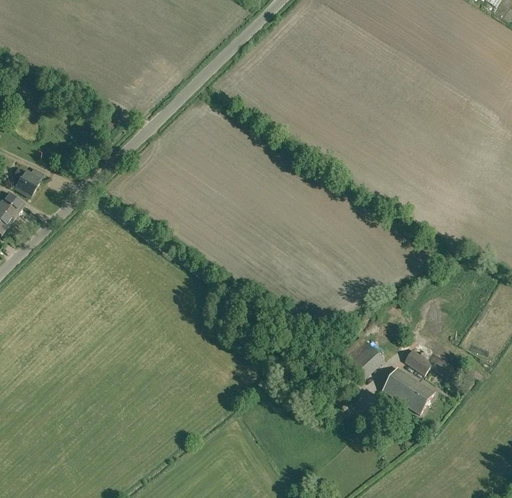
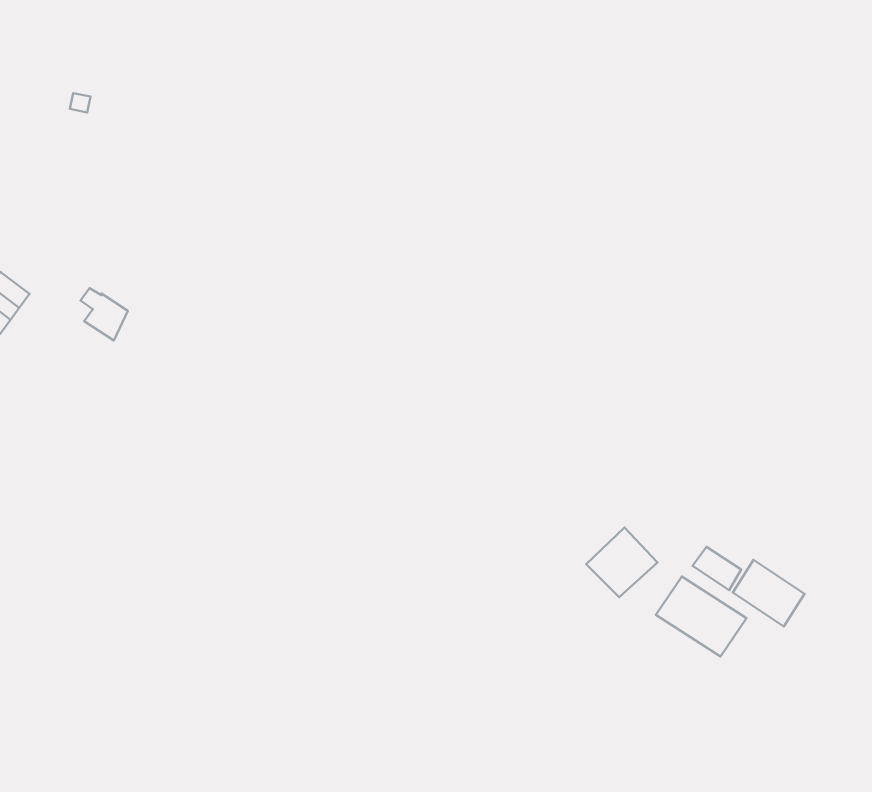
building: [12,167,39,197] -> [81,288,128,340]
building: none -> [733,560,805,626]

